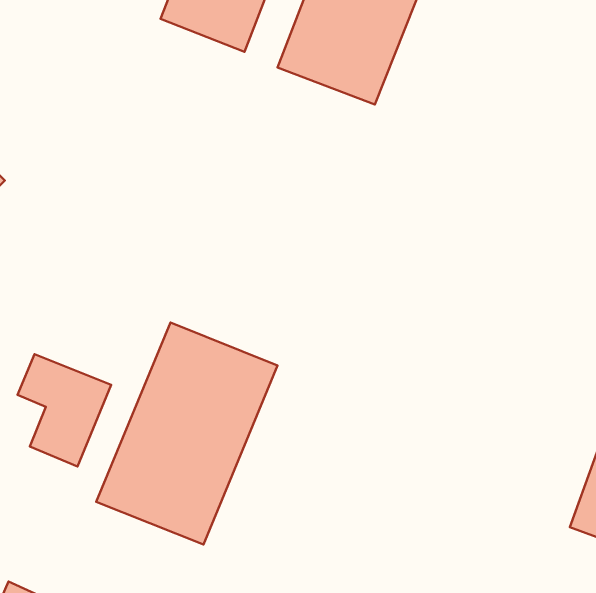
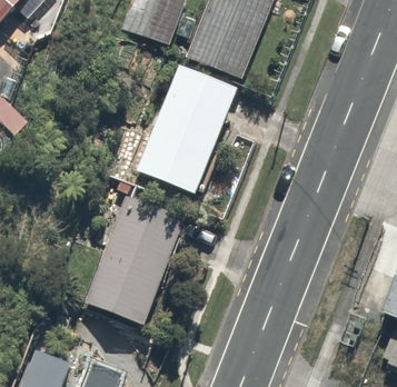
building: none -> [138,63,240,189]
building: [17,354,111,467] -> none

